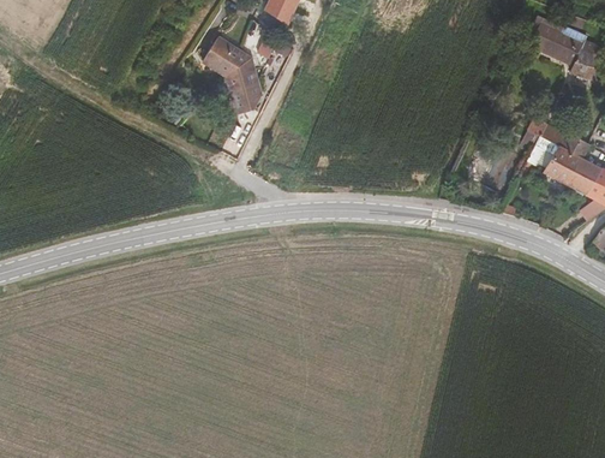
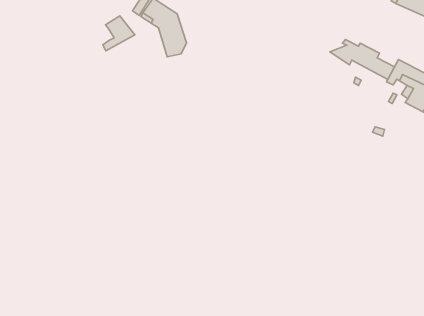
building: none -> [103,16,135,51]
building: none -> [330,39,394,80]

